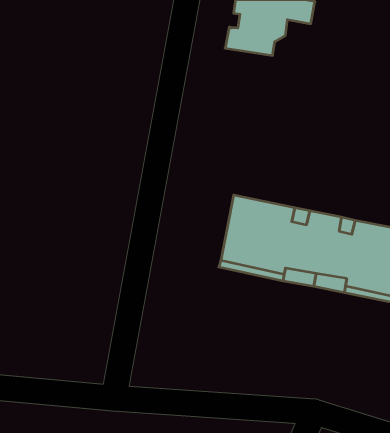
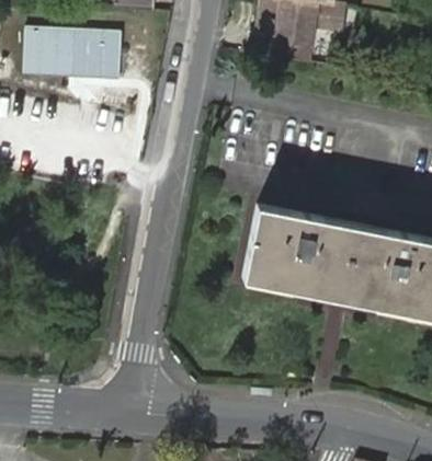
building: none -> [23,25,122,79]

